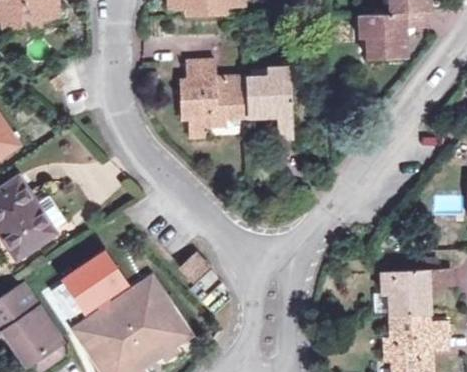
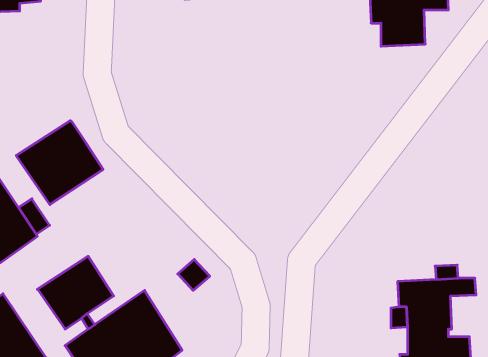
building: [179,59,294,137] -> none
building: none -> [16,121,103,205]

